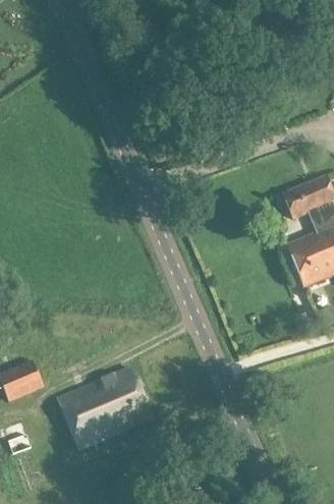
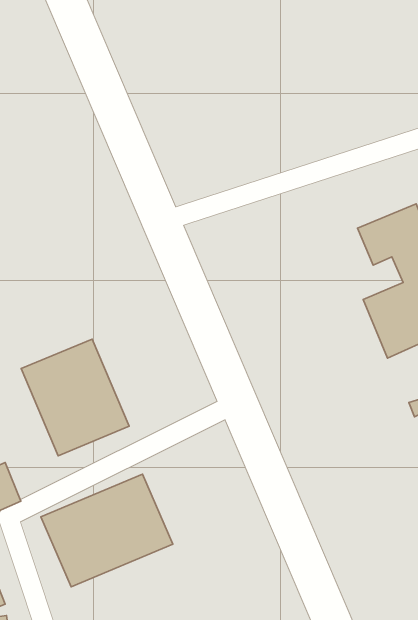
building: none -> [21,339,129,456]

